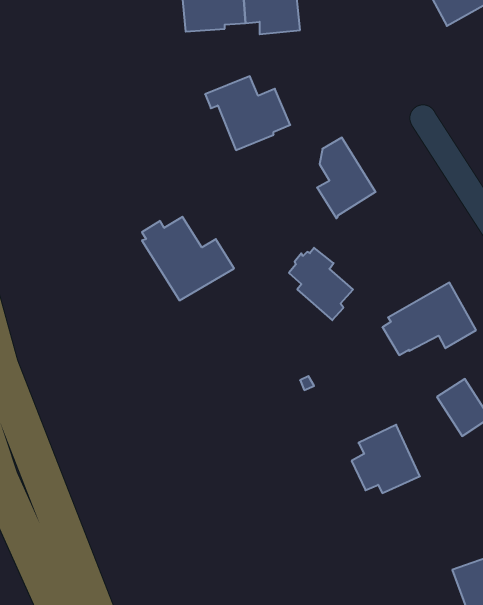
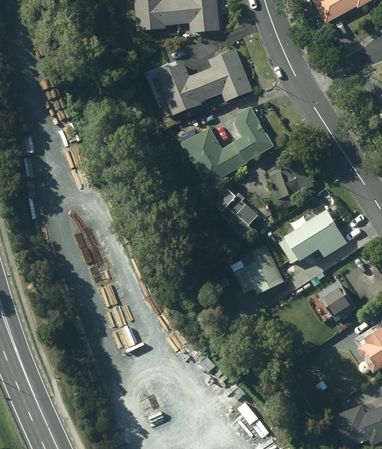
building: none -> [202,49,253,102]
building: [142,217,234,300] -> [179,127,246,187]
building: none -> [268,167,316,208]
building: [352,425,420,493] -> [235,245,284,294]

